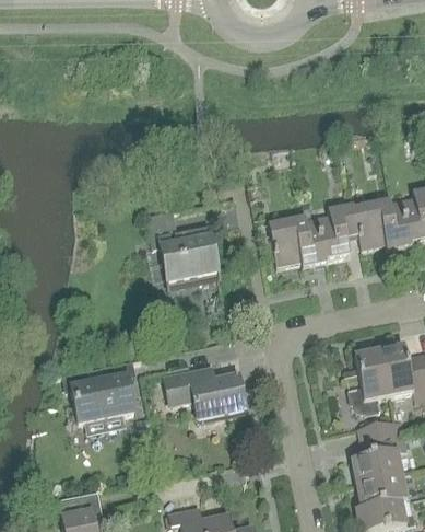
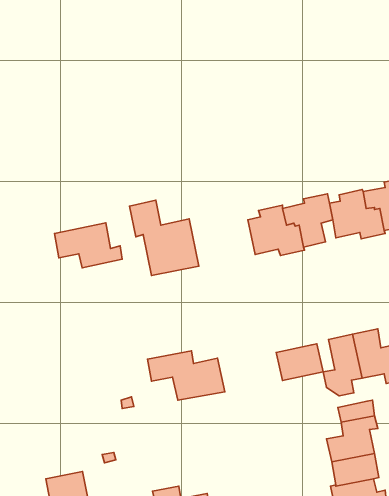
building: none -> [55,223,122,268]
building: none -> [276,344,323,381]
building: [64,366,134,423] -> none

